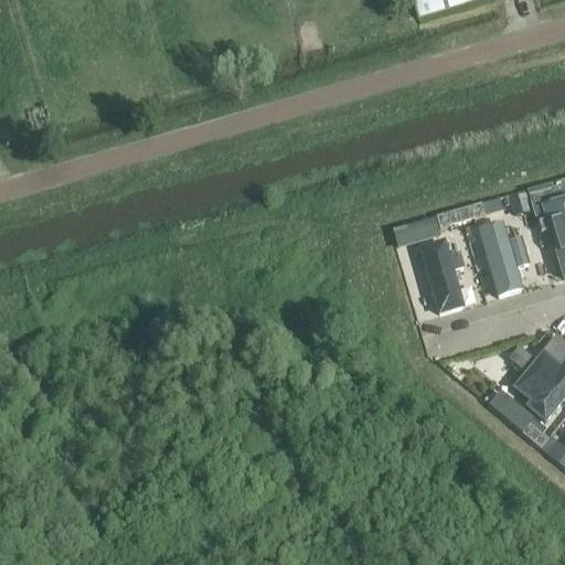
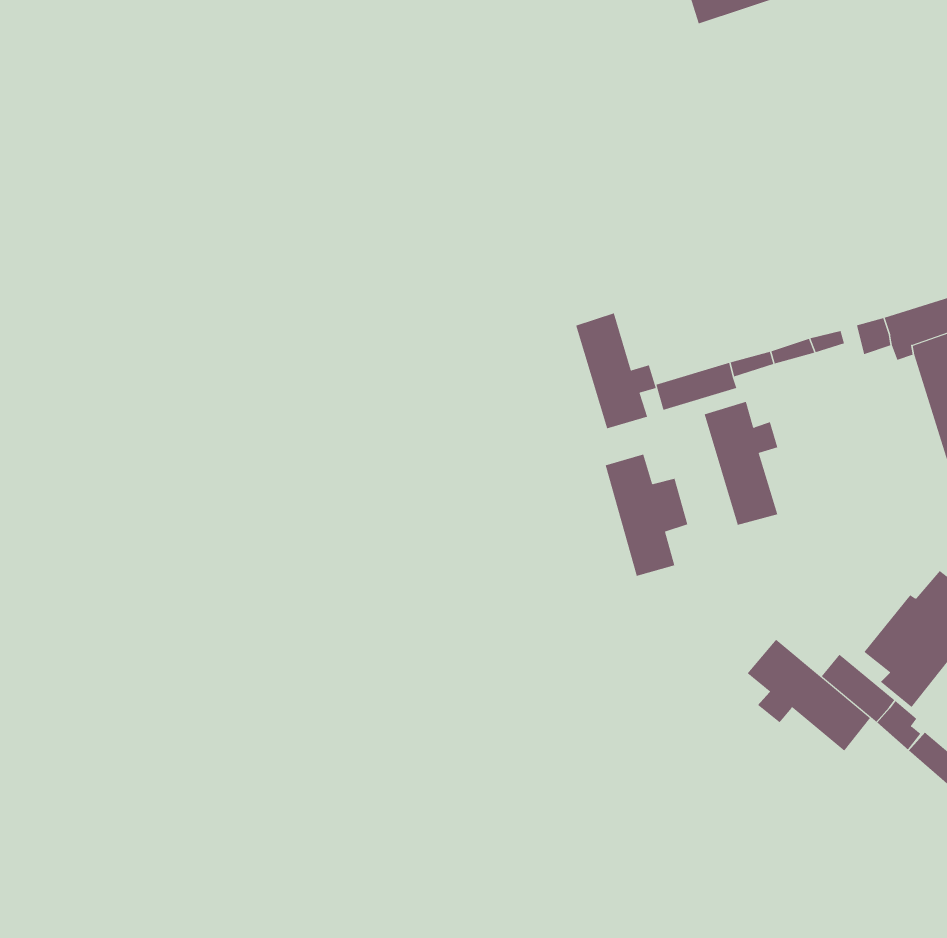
building: none -> [576,312,657,429]
building: [479,222,529,295] -> [605,454,688,577]
building: none -> [747,639,871,752]

